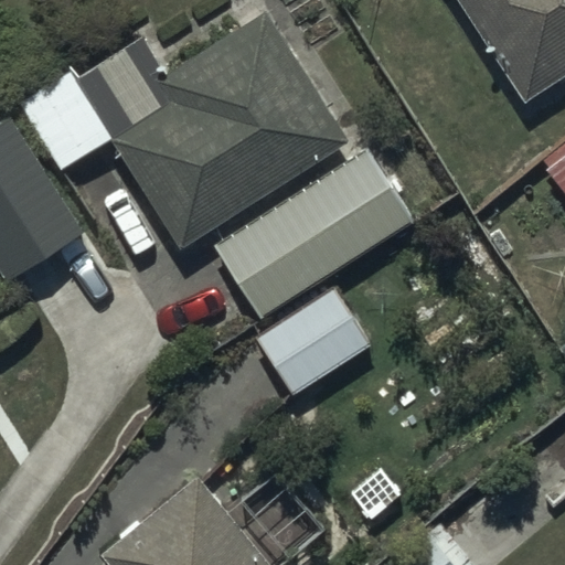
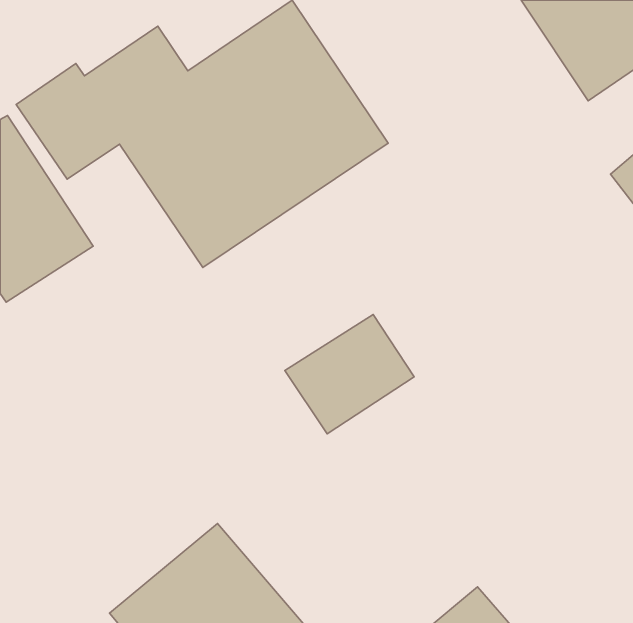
building: [215,151,411,317] -> none

